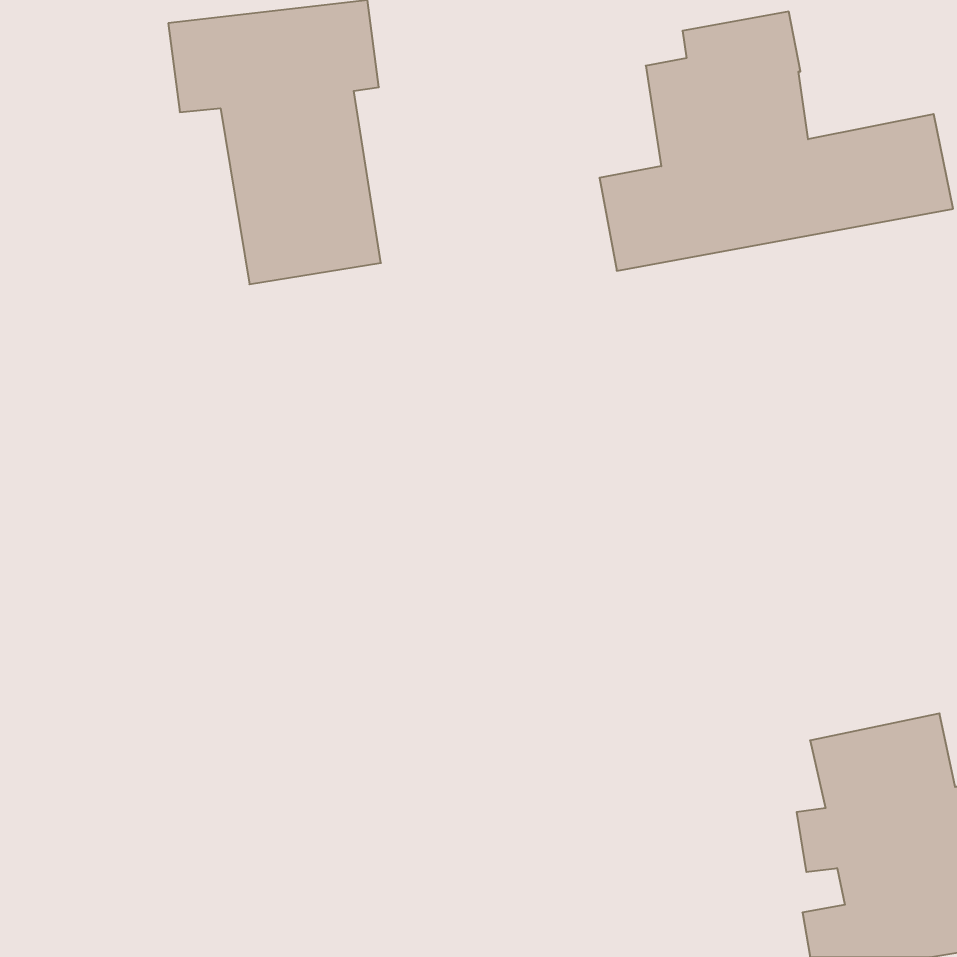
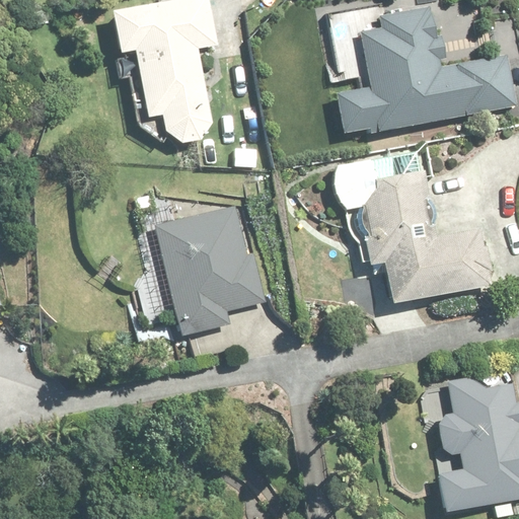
building: none -> [357,173,494,315]
building: none -> [151,213,262,339]

